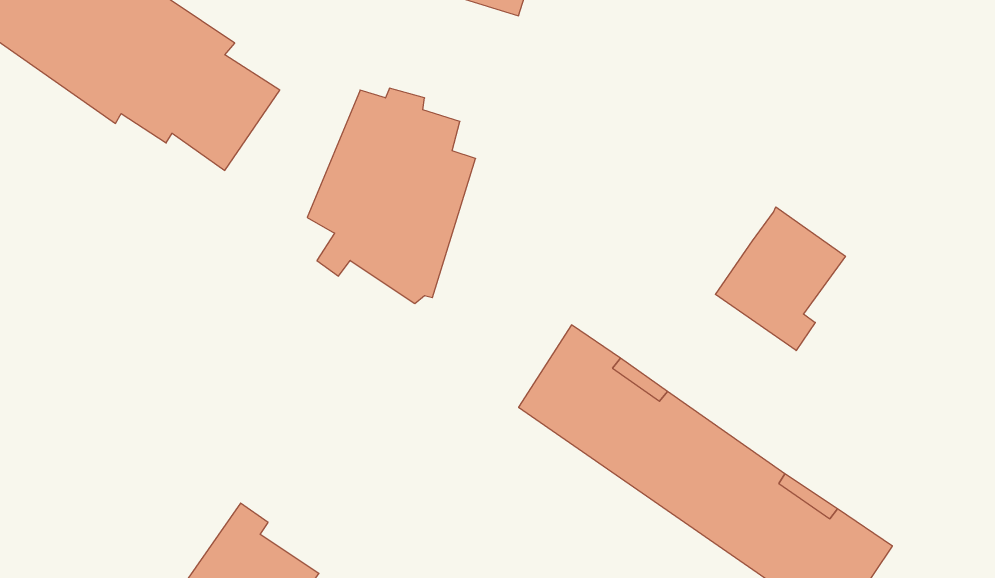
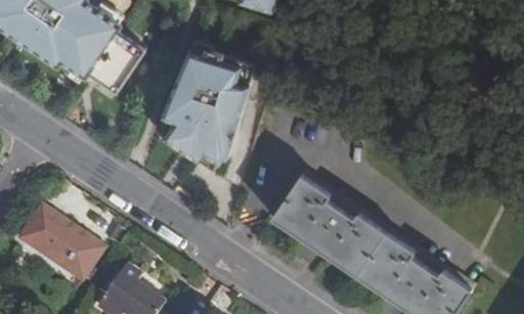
building: [715,207,845,351] -> none
building: none -> [19,206,103,280]

